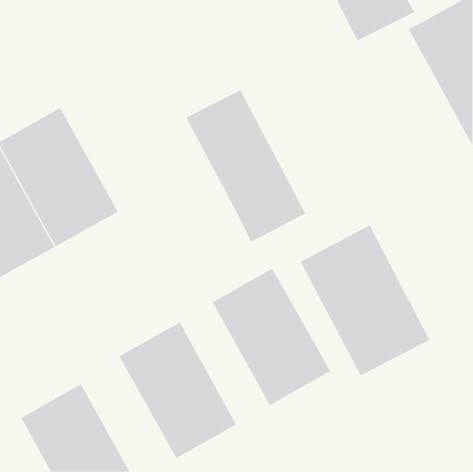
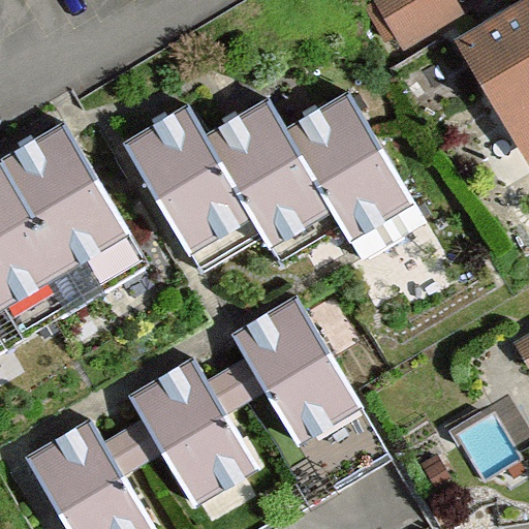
building: none -> [282,96,417,263]
building: none -> [127,103,261,270]
building: [300,225,430,376] -> none

